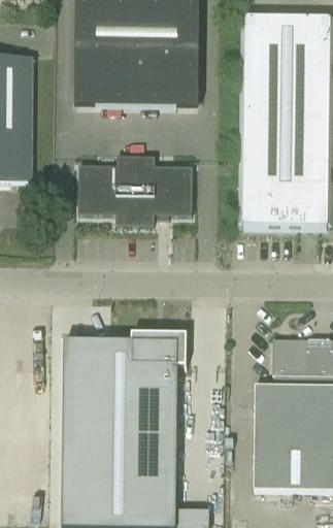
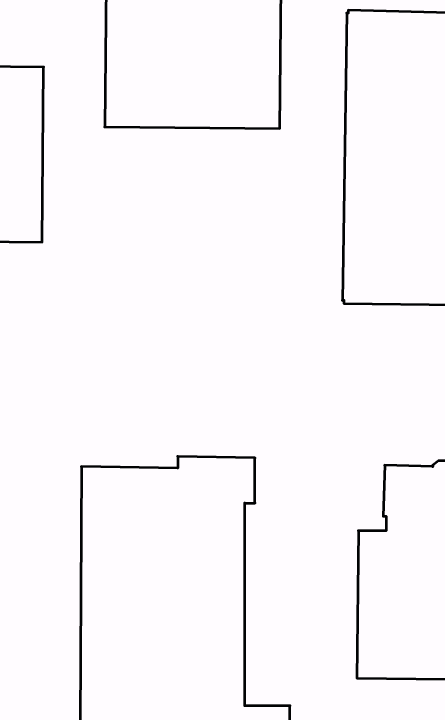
building: [78,157,193,224] -> none

